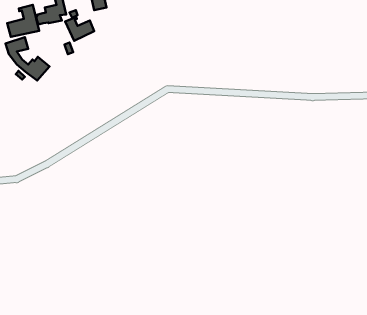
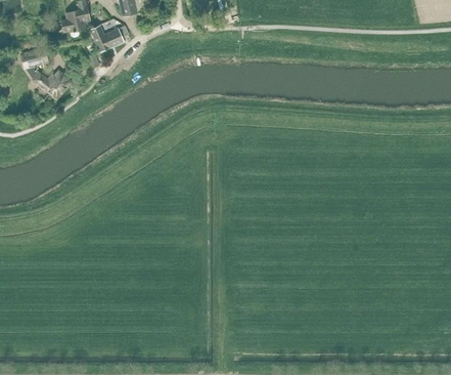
building: [7,5,39,37] -> none

